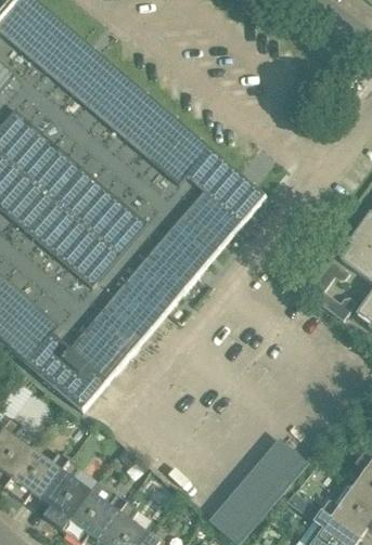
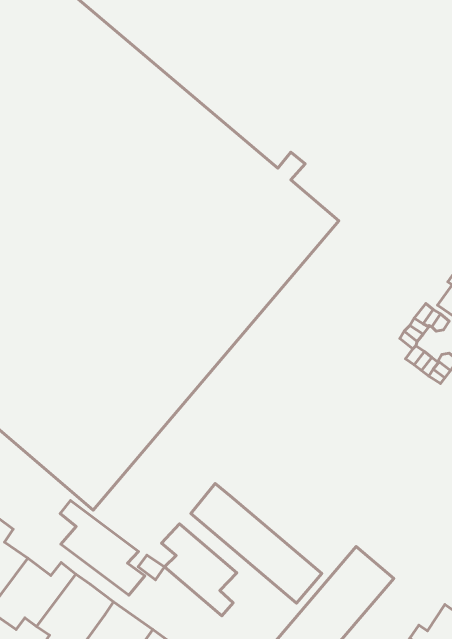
building: none -> [191,484,322,603]
building: none -> [60,501,145,595]
building: none -> [162,524,237,616]

